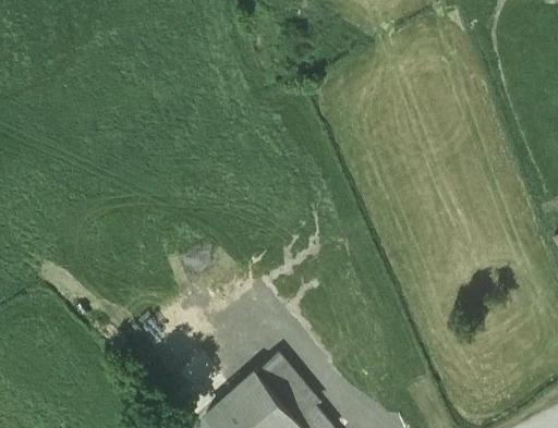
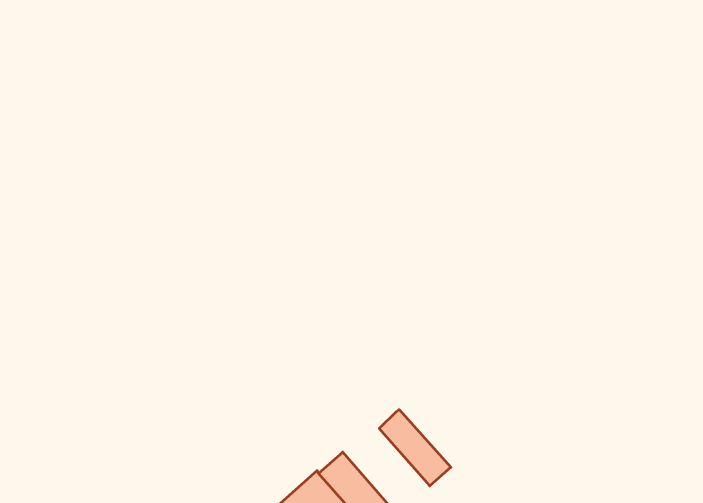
building: none -> [379,410,451,486]

